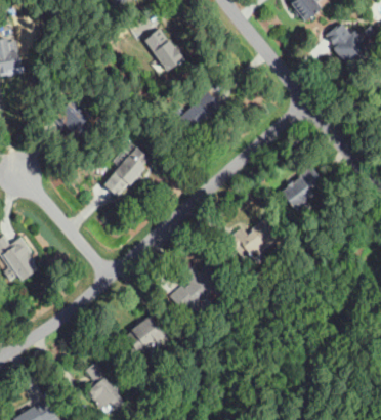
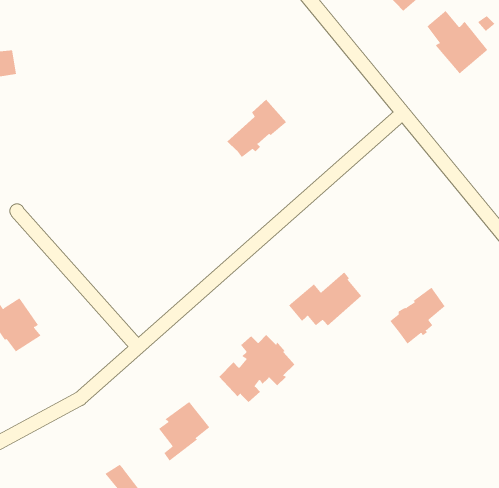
building: [144,28,184,71] -> none
building: [56,102,90,134] -> none
building: [102,150,146,198] -> none
building: [281,166,323,209] -> [389,287,446,344]

